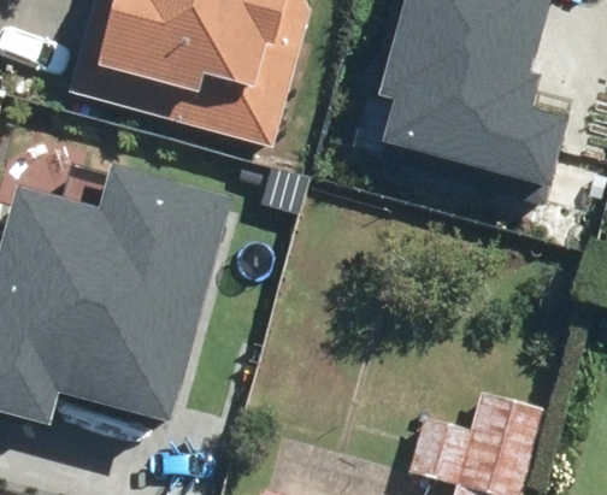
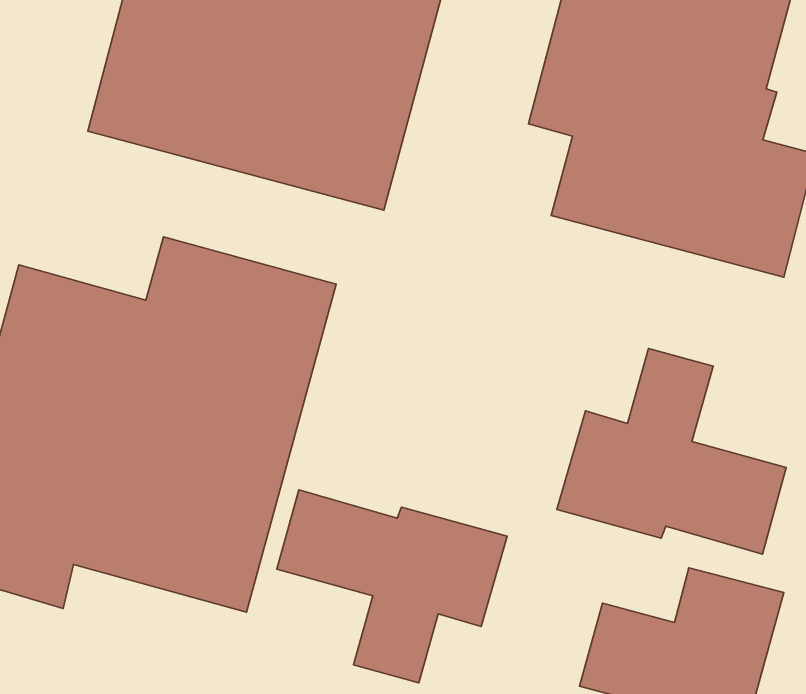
building: none -> [557,348,786,554]
building: none -> [277,490,507,683]

